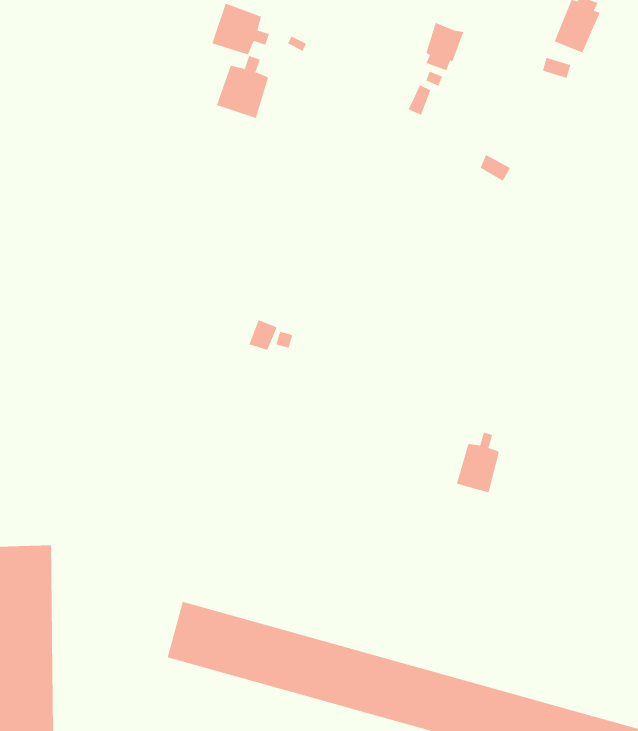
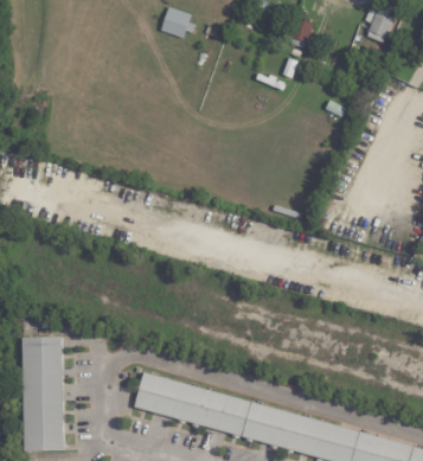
building: [216,55,269,119] -> none
building: [456,432,500,493] -> none

